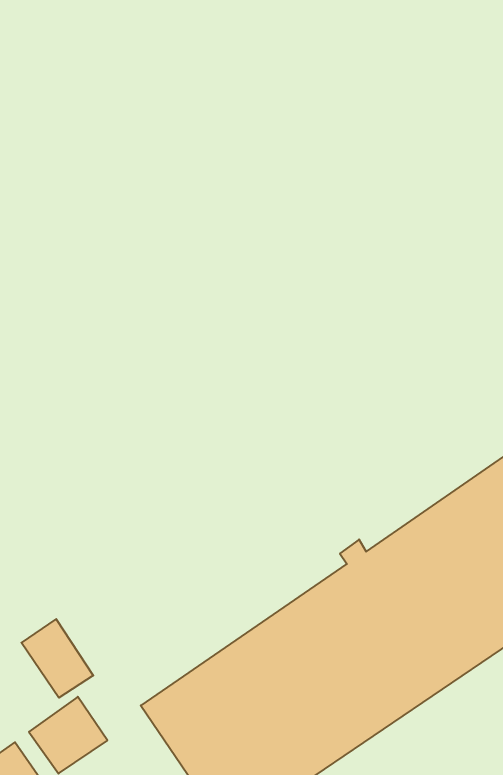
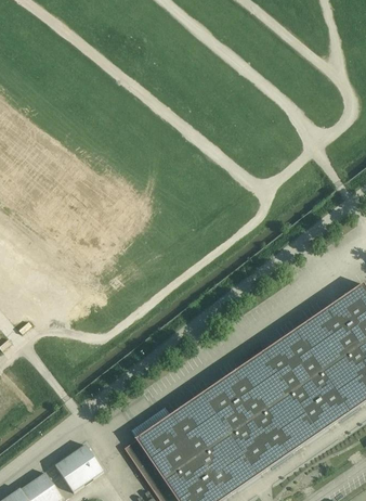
building: [21,619,93,698] -> none

